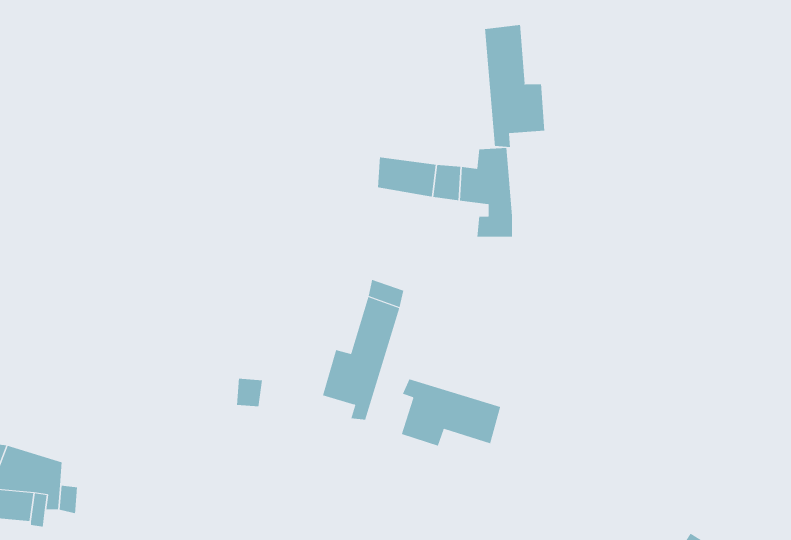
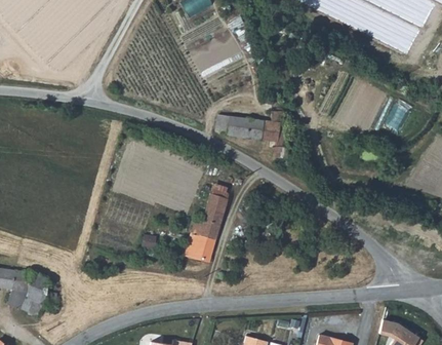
building: [485,24,545,148] -> none
building: [401,378,501,446] -> none

